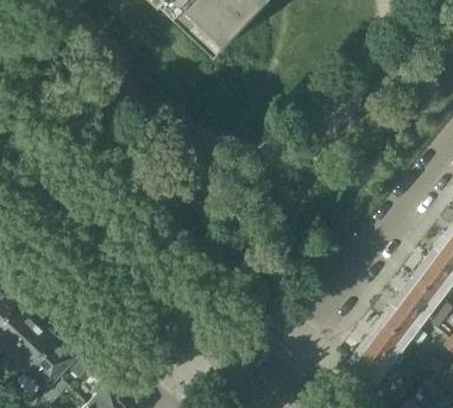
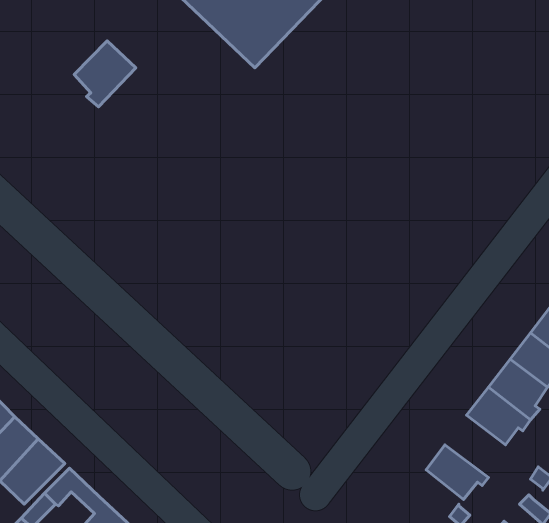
building: none -> [74,41,136,107]
building: [363,319,409,366] -> none

